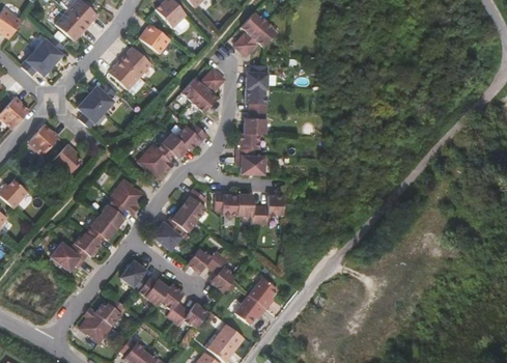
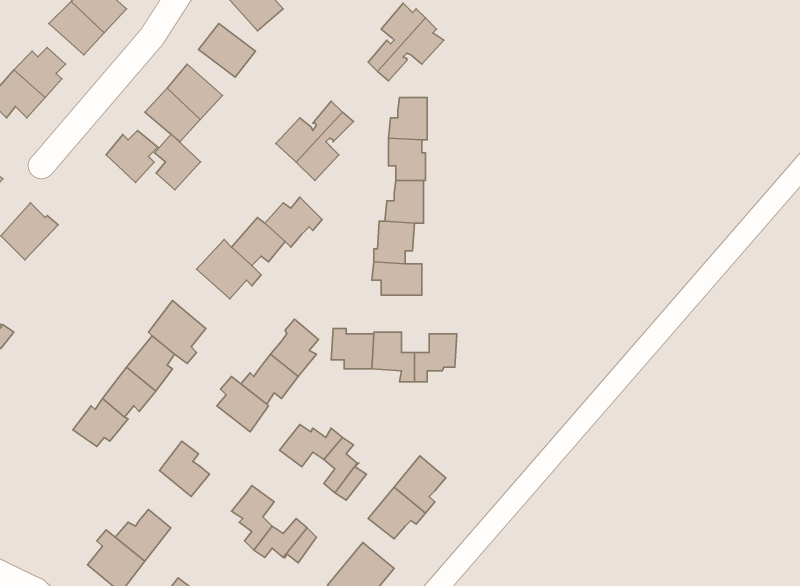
building: [78,97,104,129] -> [154,134,201,190]
building: [53,144,82,175] -> none
building: [49,245,82,273] -> none
building: [135,277,166,304] -> none

